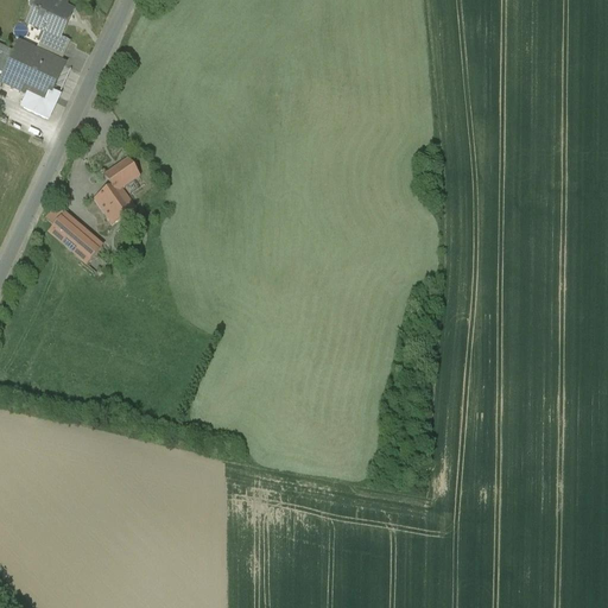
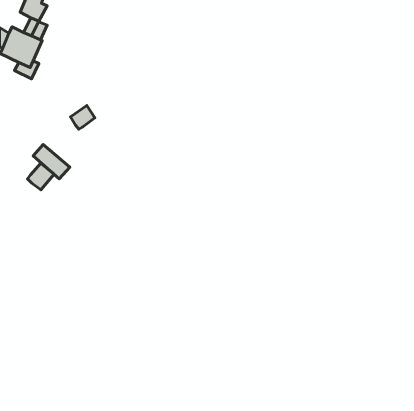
building: [94,183,134,221] -> none
building: none -> [27,163,54,190]

